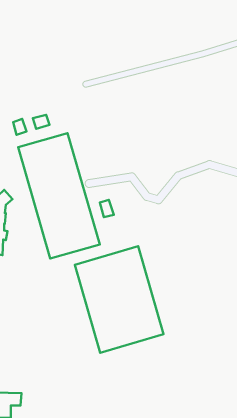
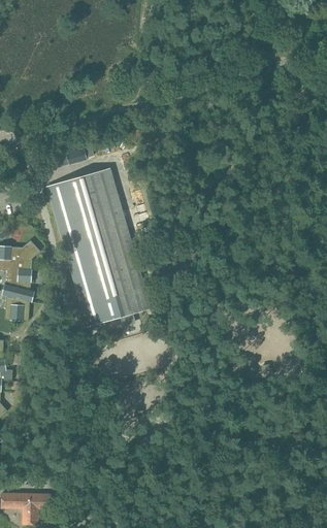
building: [75,246,163,353] -> none

